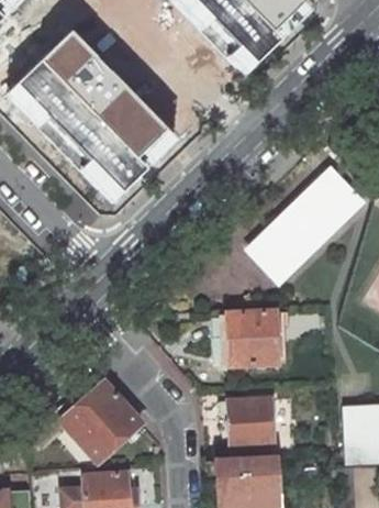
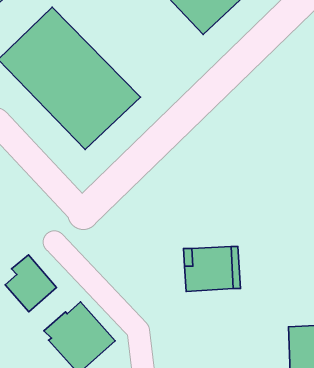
building: [239,162,365,286] -> none
building: none -> [5,255,56,312]
building: [220,401,276,449] -> none

